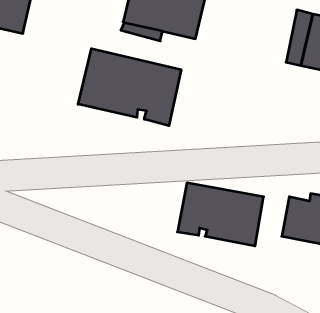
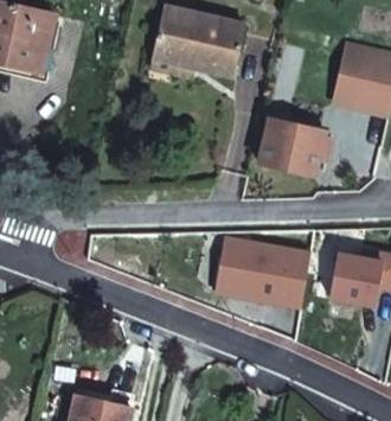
building: [78,49,181,126] -> none
building: none -> [259,120,333,174]

